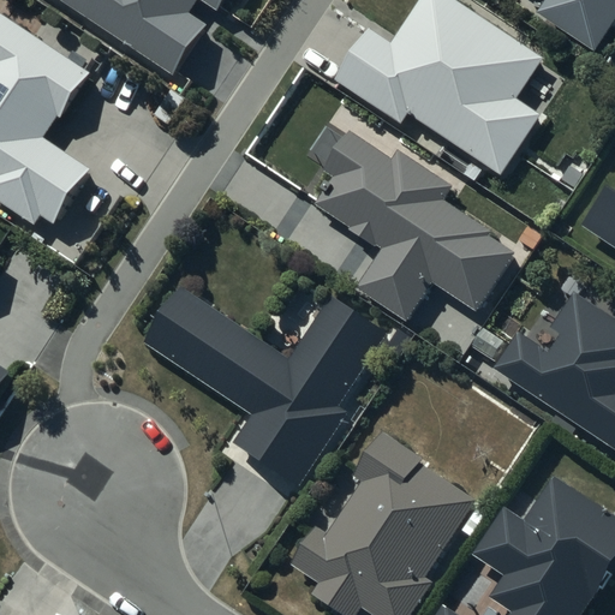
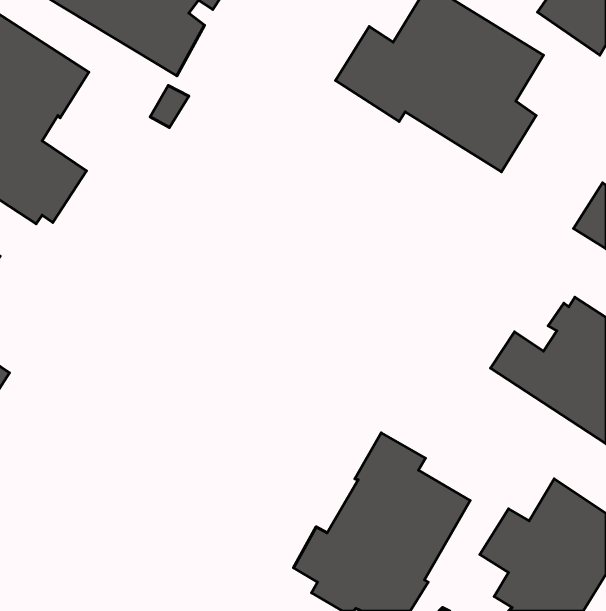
building: [315,135,513,320] -> none
building: [143,287,382,485] -> none

